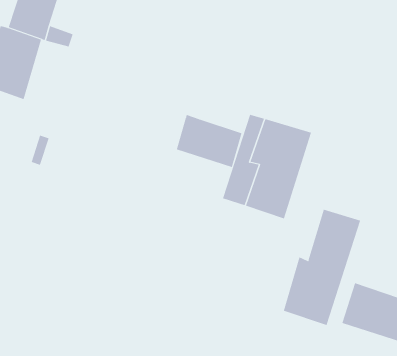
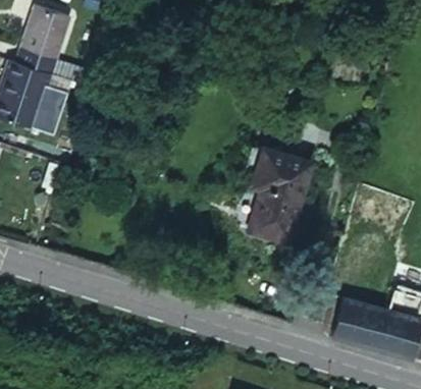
building: [176,114,242,168] -> none
building: [283,209,361,326] -> none

